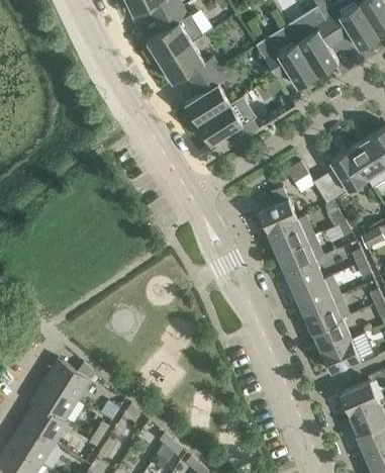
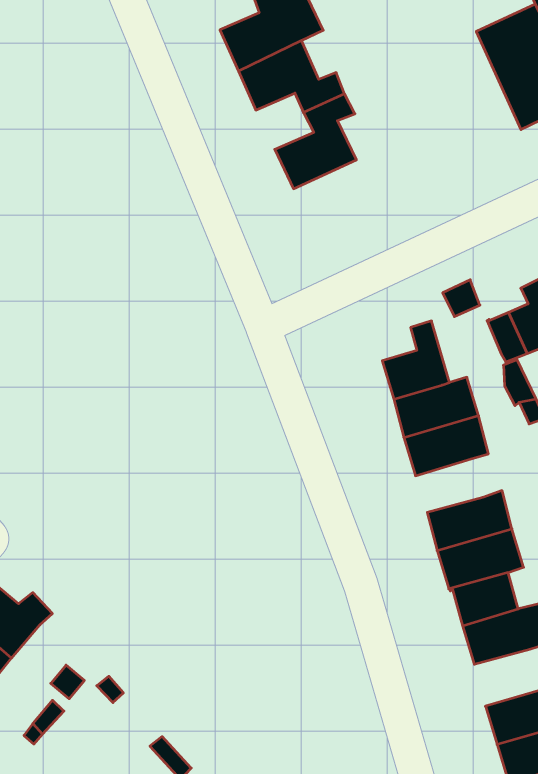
building: [256,26,318,89] -> none
building: [198,99,258,147] -> none
building: [285,261,323,293] -> none

